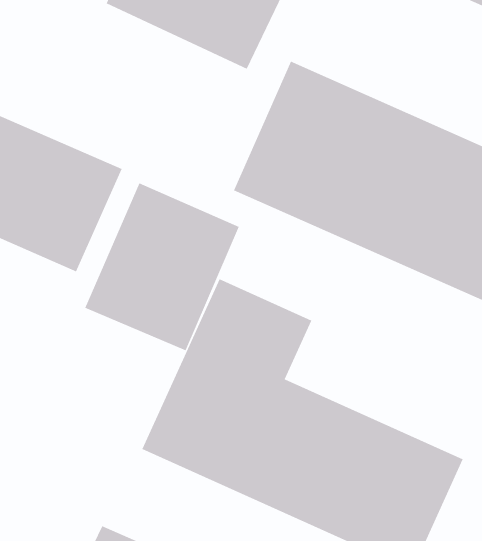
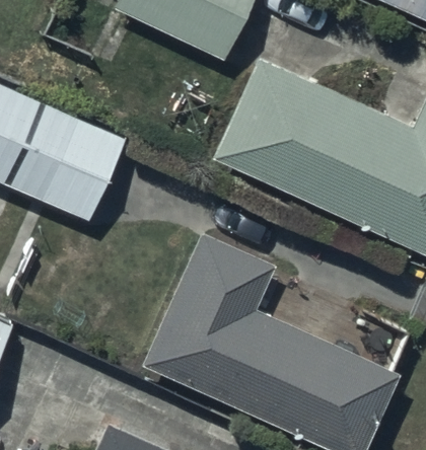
building: [85,183,240,351] -> none

